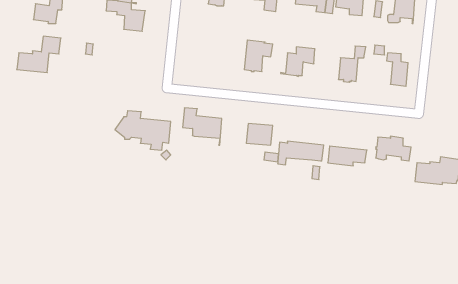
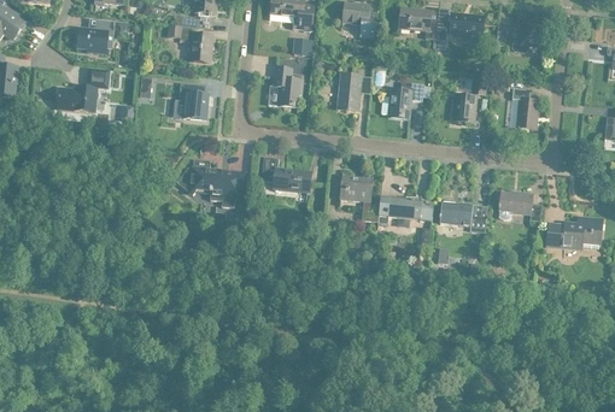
building: none -> [273,66,303,111]
building: none -> [178,82,209,119]

